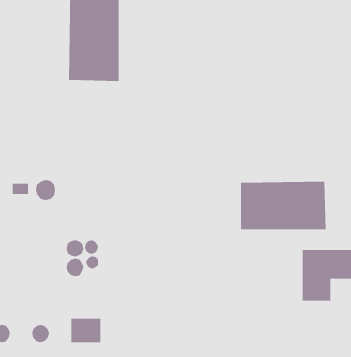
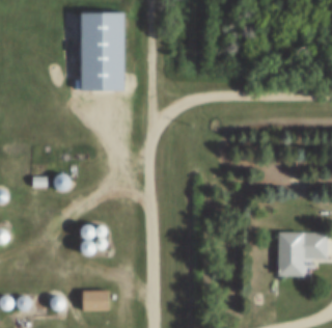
building: [240,181,326,230] -> none

